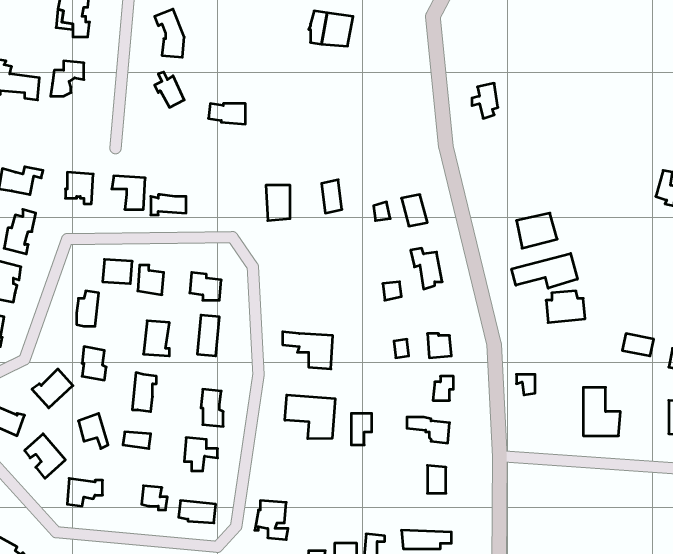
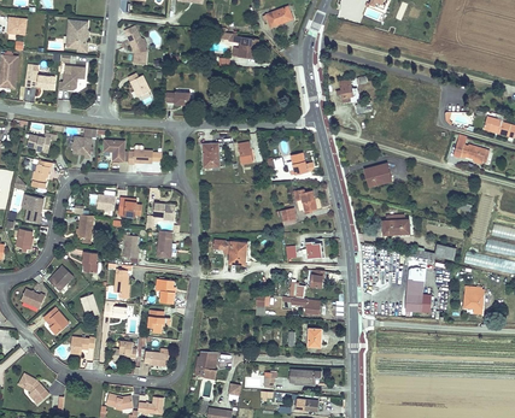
building: [512,253,577,288] -> none
building: [285,395,335,439] -> none

